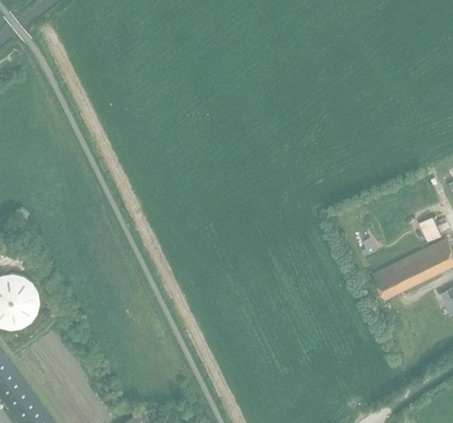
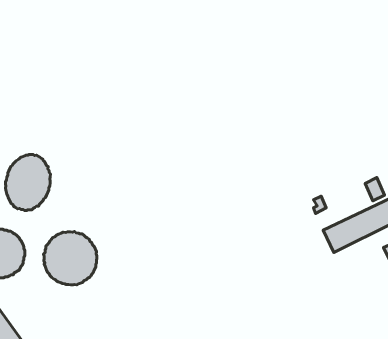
building: none -> [5,154,50,210]
building: none -> [44,231,97,285]

